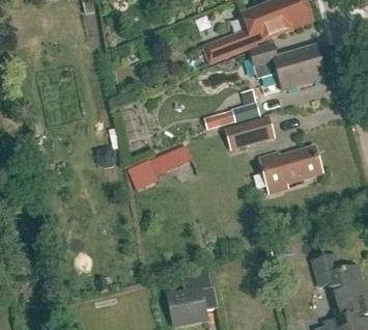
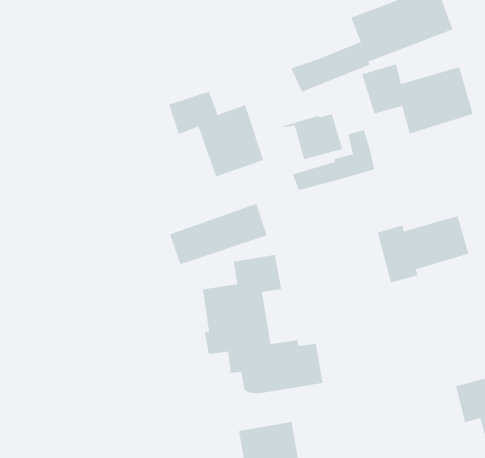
building: none -> [168,91,264,177]
building: [234,114,276,145] -> [282,114,343,160]
building: none -> [203,254,323,394]

